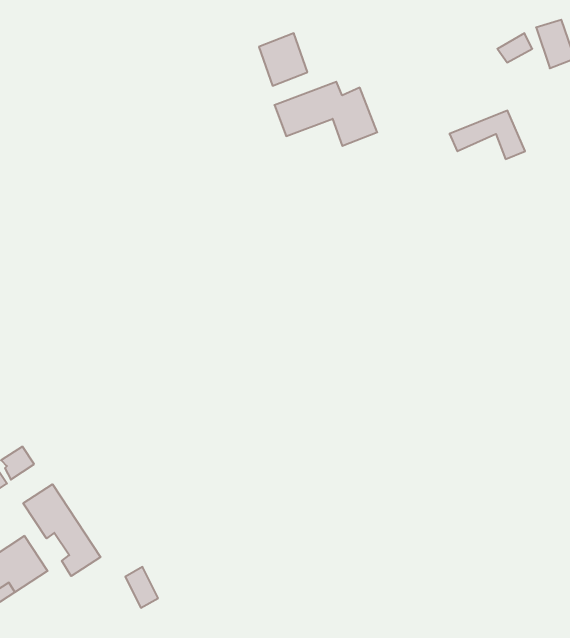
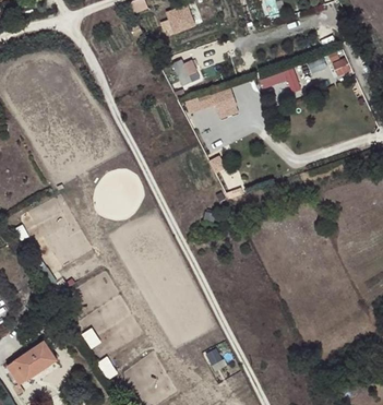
building: [449,111,525,159] -> [262,67,304,94]
building: [23,484,100,576] -> none

